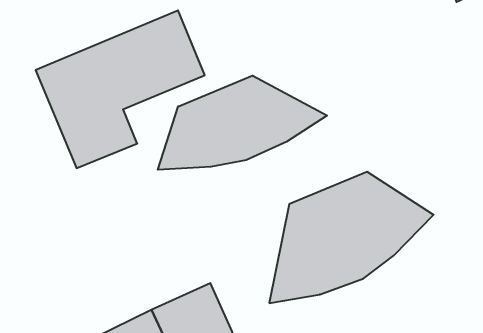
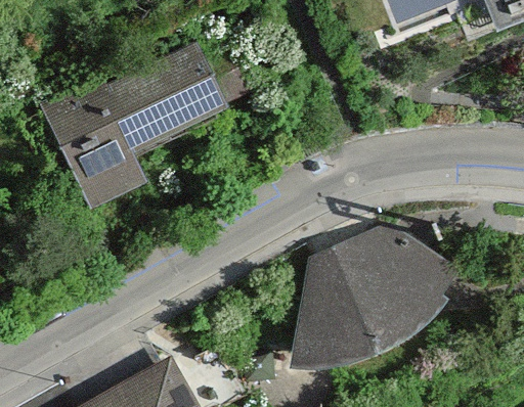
building: [158,76,327,170] -> none

